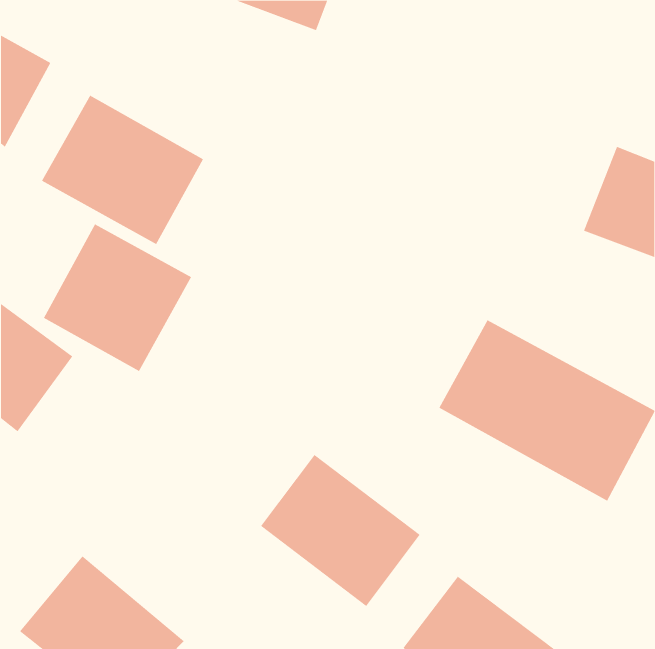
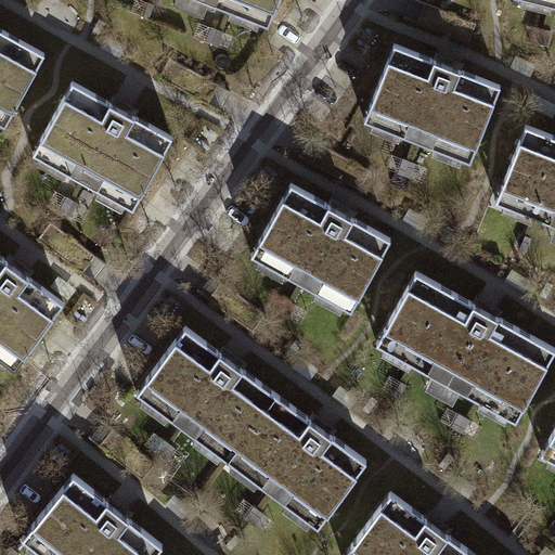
building: none -> [361,47,502,160]
building: none -> [250,190,393,317]
building: [43,224,192,372] -> none
building: none -> [134,326,266,450]

